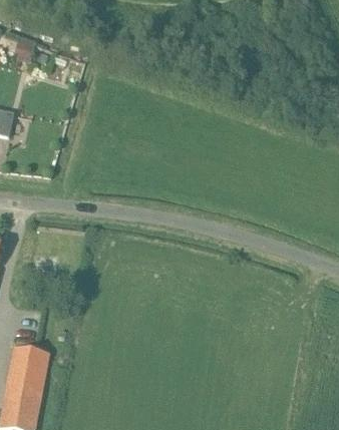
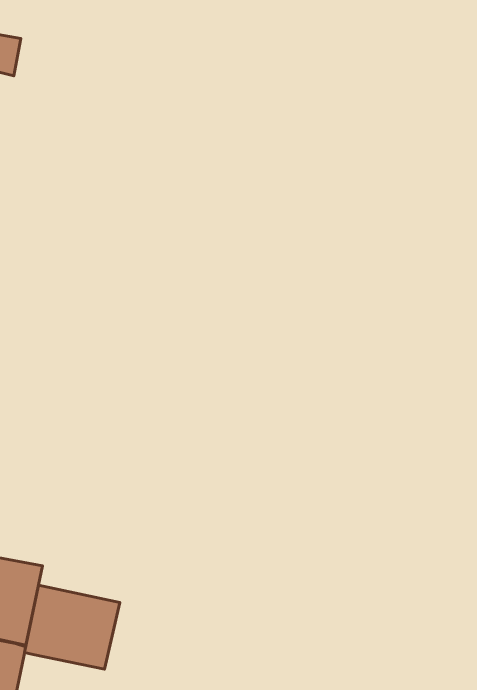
building: none -> [25,585,120,669]

